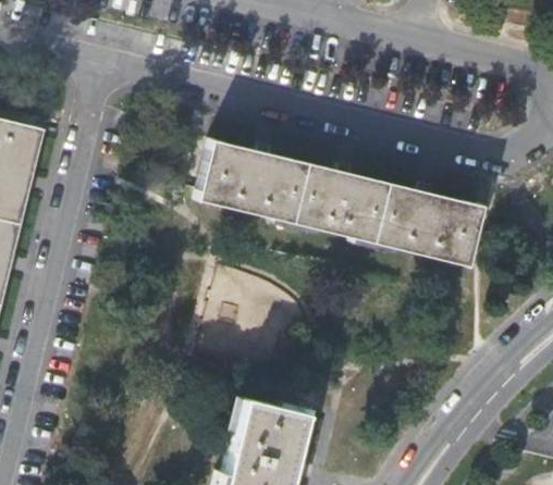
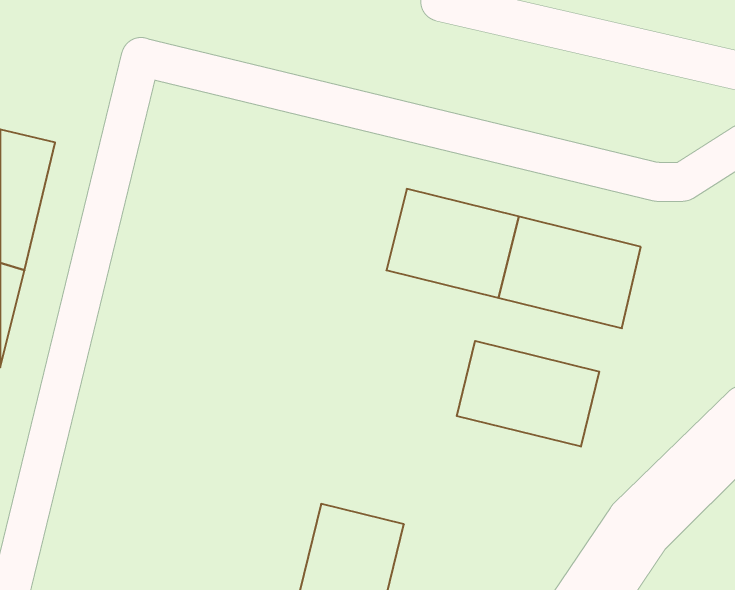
building: [196,139,306,223] -> none
building: none -> [457,341,599,447]

